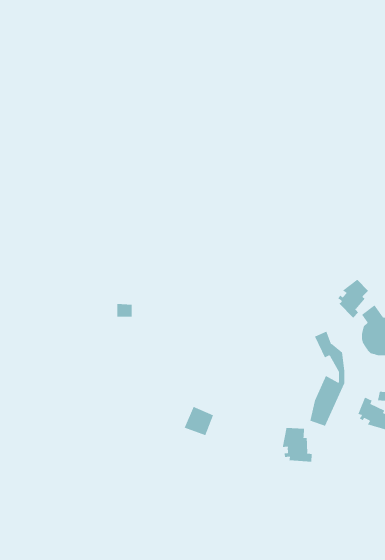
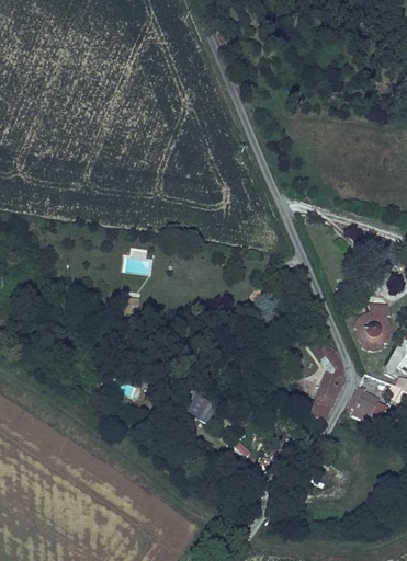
building: [337,279,369,318] -> none
building: [282,427,312,462] -> none

